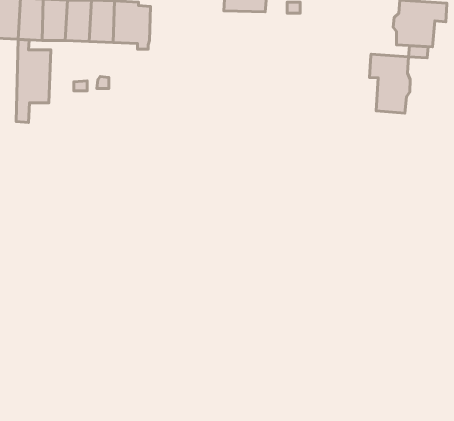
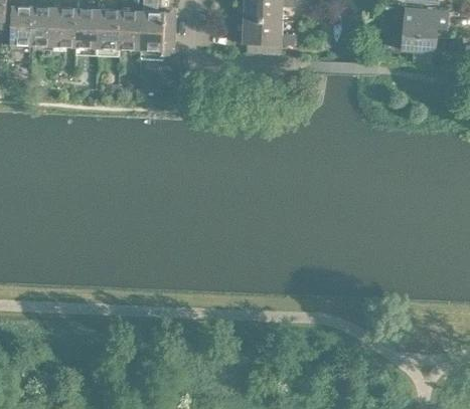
building: none -> [234,19,294,45]
building: [16,40,51,122] -> none
building: [369,54,410,113] -> none

